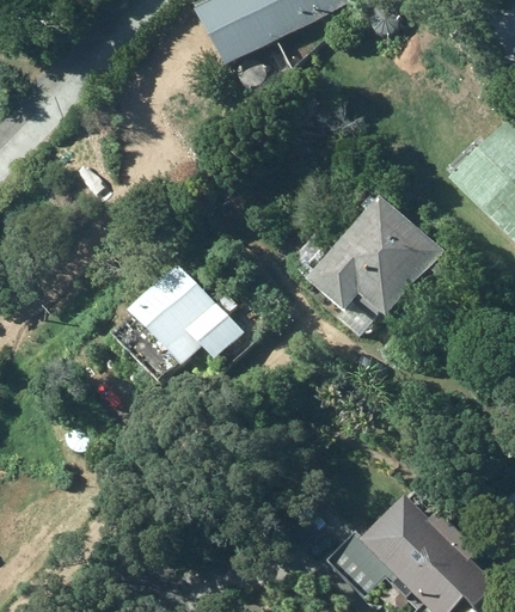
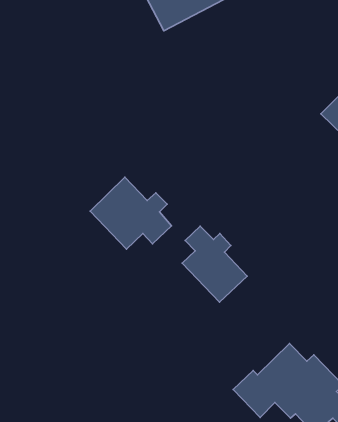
building: [305,192,452,316] -> none
building: none -> [182,226,247,302]

